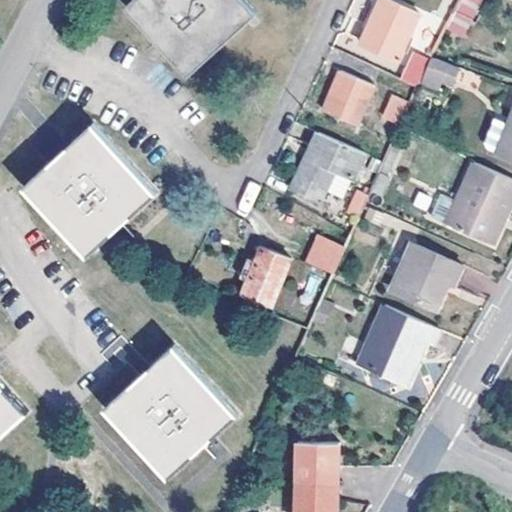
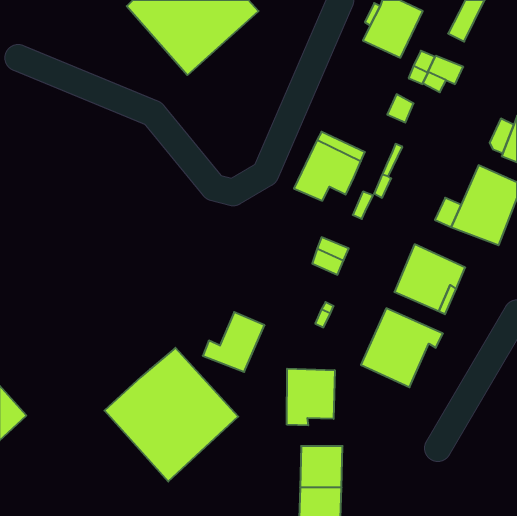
building: [322,70,372,125] -> none
building: [25,125,156,257] -> none
building: [228,247,289,306] -> [203,312,265,372]
building: none -> [287,369,335,425]

